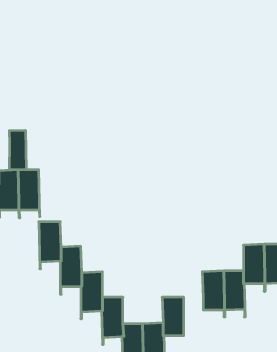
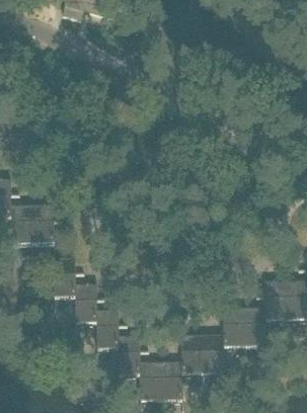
building: [9,130,26,170] -> none
building: none -> [202,334,224,382]

